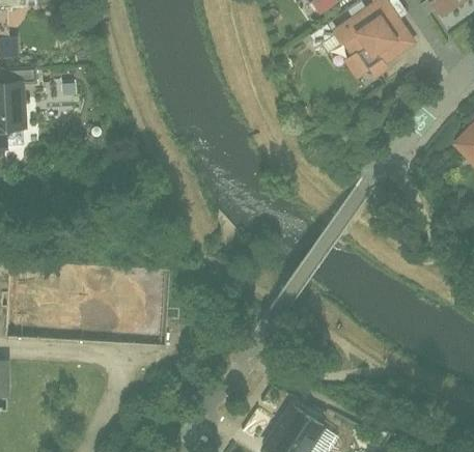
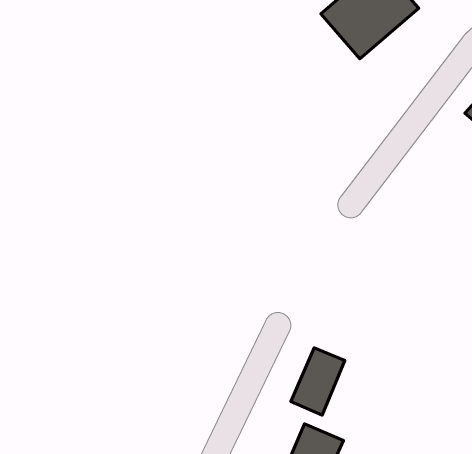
building: none -> [291,348,345,415]

